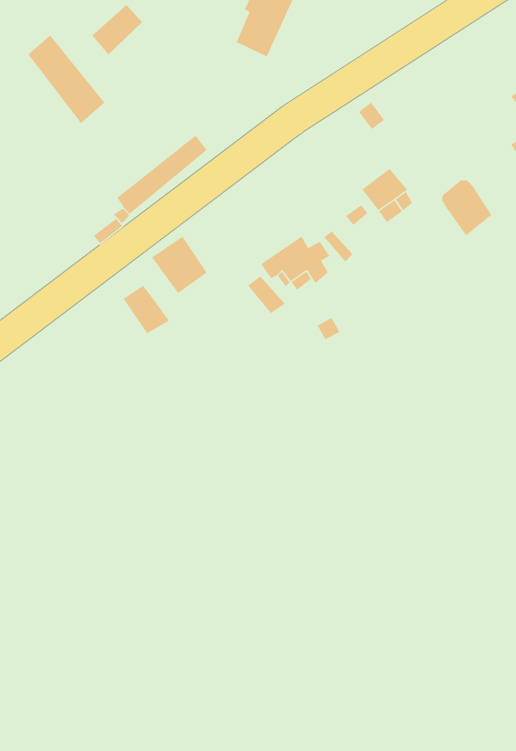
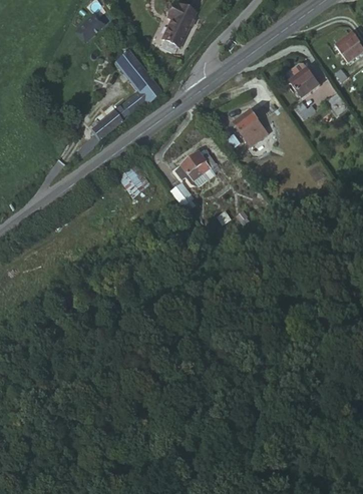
building: [27,35,105,124] -> [113,49,160,103]
building: [441,180,492,236] -> [289,66,320,100]
building: [123,285,169,334] -> none

